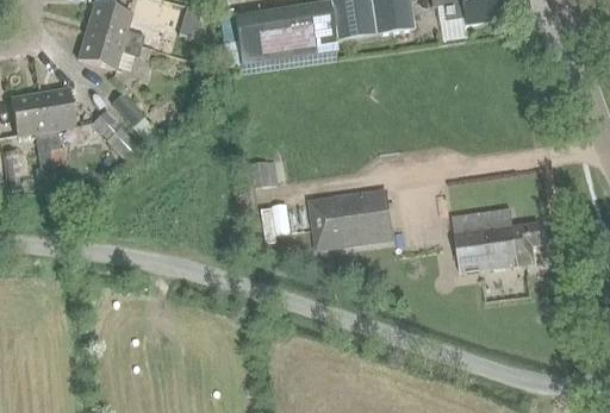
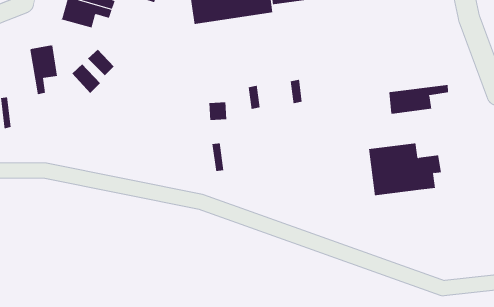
building: [11,92,51,167] -> none
building: none -> [387,84,449,115]
building: [310,186,392,244] -> none

